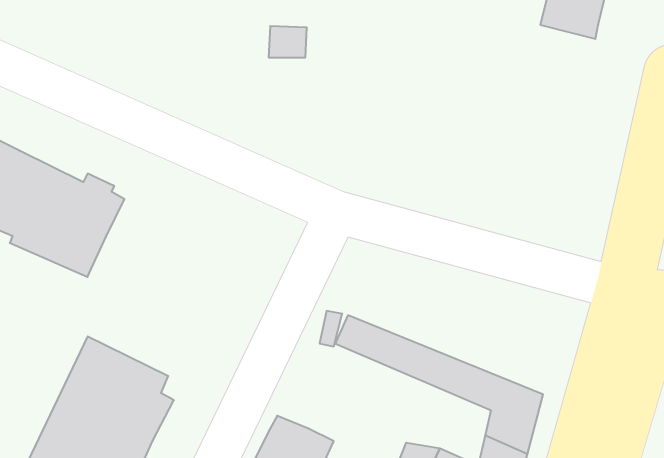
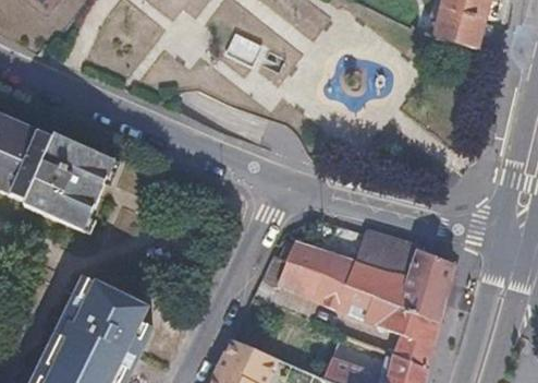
building: none -> [285,231,449,320]

